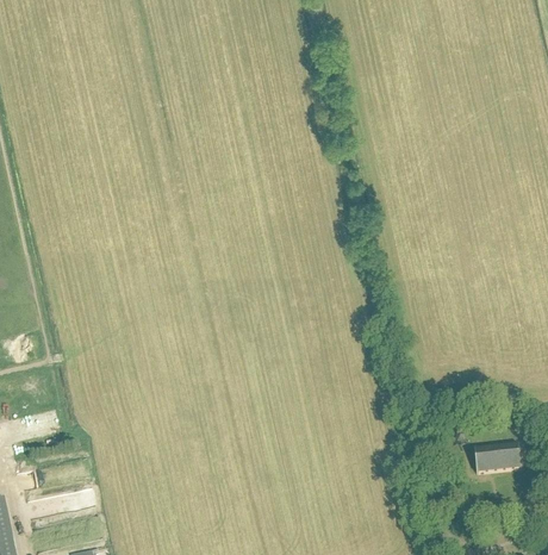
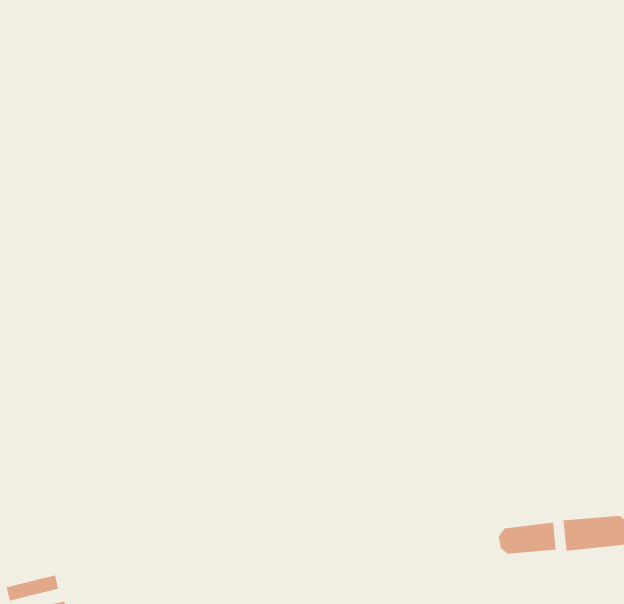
building: none -> [498,522,556,555]

